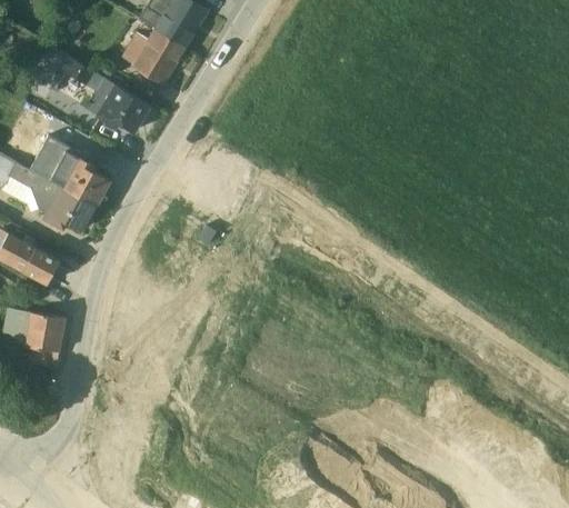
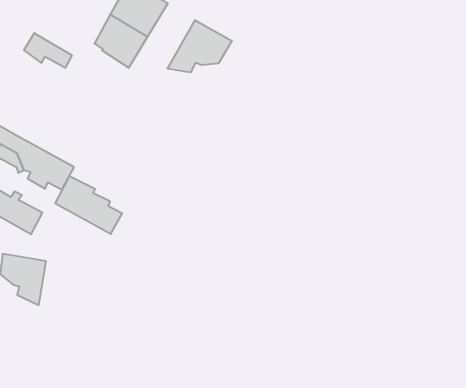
building: none -> [168,20,232,72]
building: [84,77,150,132] -> none
building: [30,136,110,205] -> [55,176,122,234]

